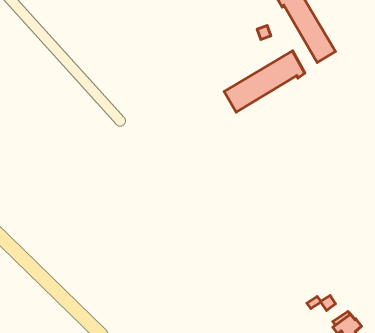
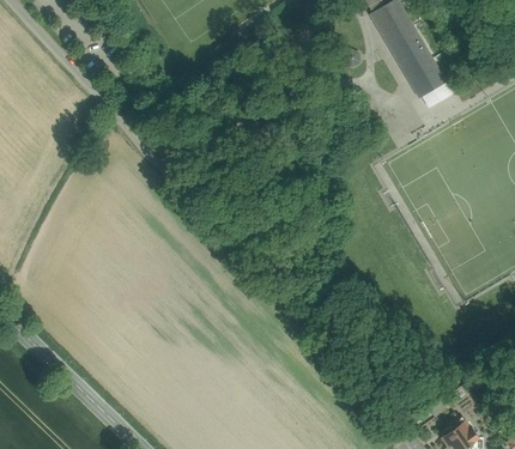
building: [224,51,305,112] -> none

